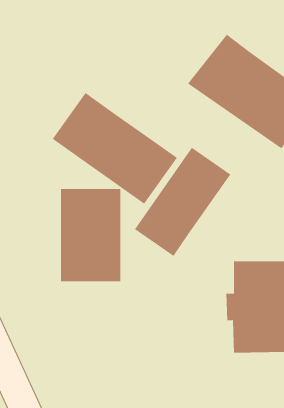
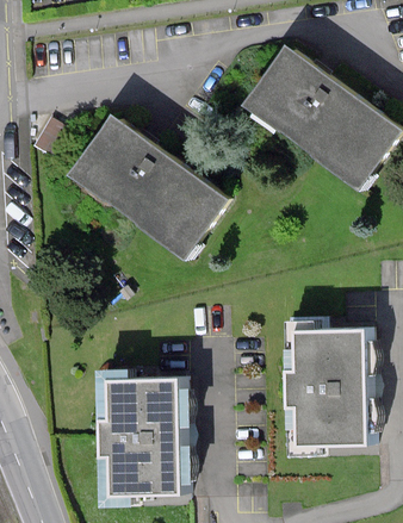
building: [134,147,231,257] -> none
building: [60,188,121,282] -> [111,375,187,492]

